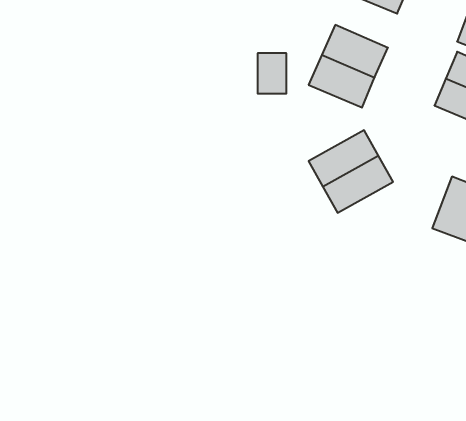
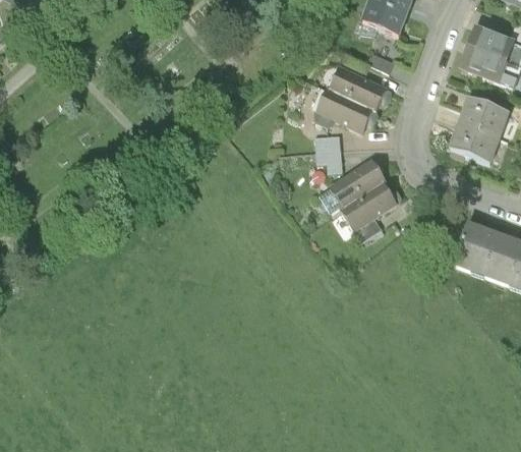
building: [258,53,286,94] -> [314,135,343,175]

